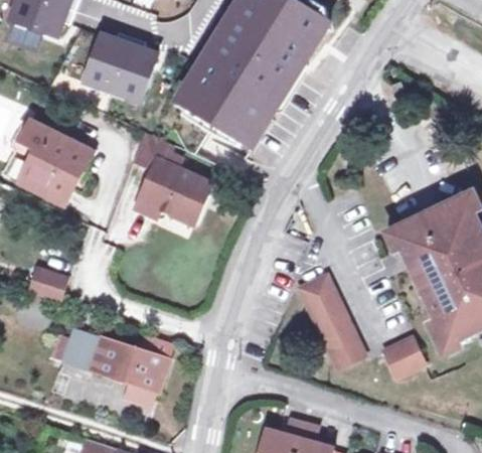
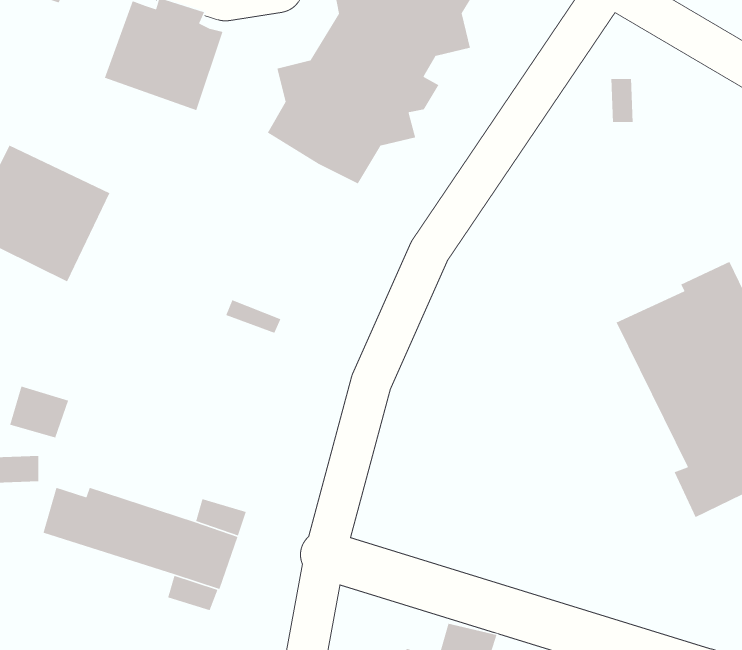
building: [130,129,208,221] -> none
building: [299,274,364,366] -> none
building: [384,335,425,374] -> none

